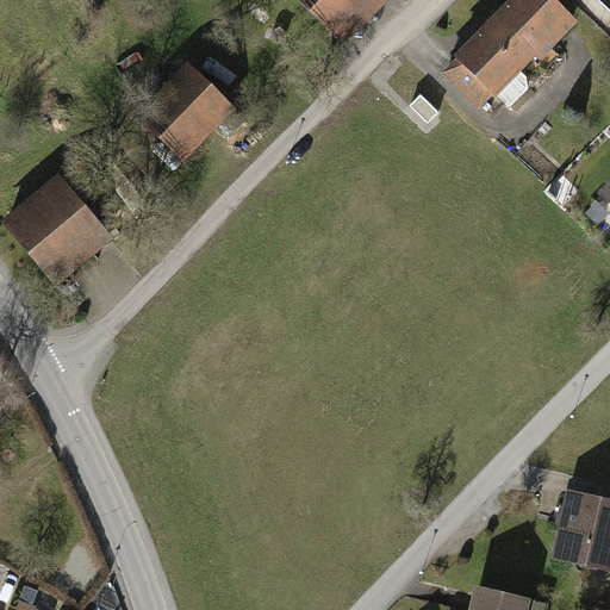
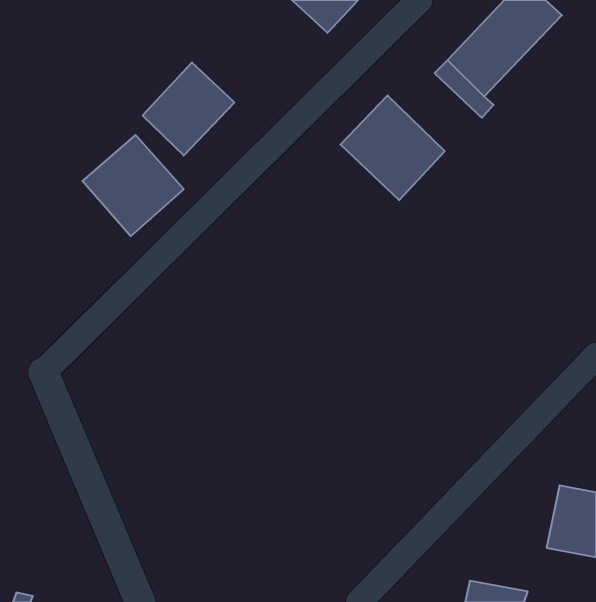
building: none -> [340,95,445,200]
building: [7,175,110,278] -> [82,135,184,236]

